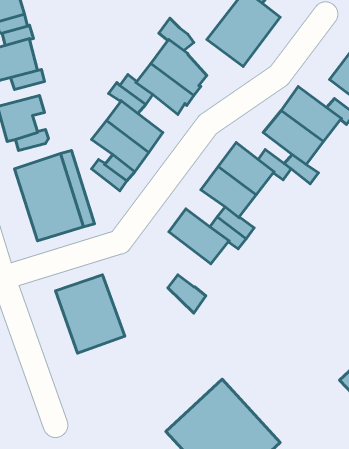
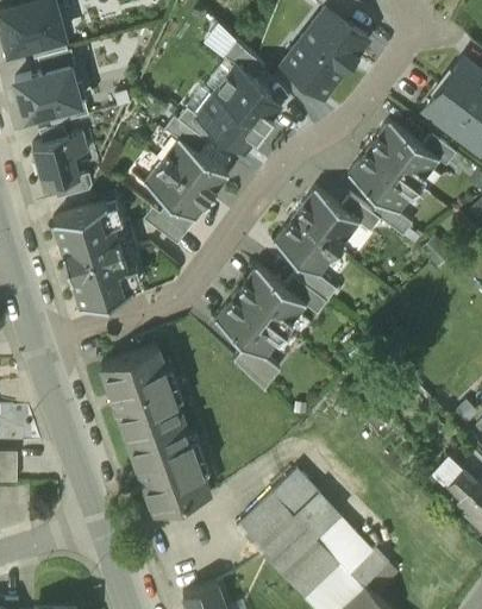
building: none -> [213,294,284,359]
building: none -> [126,417,208,511]

